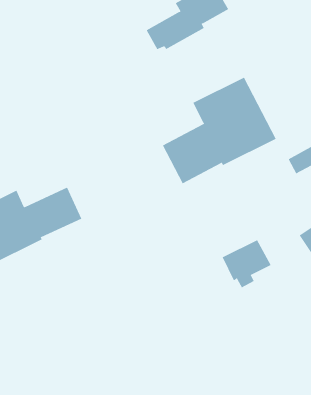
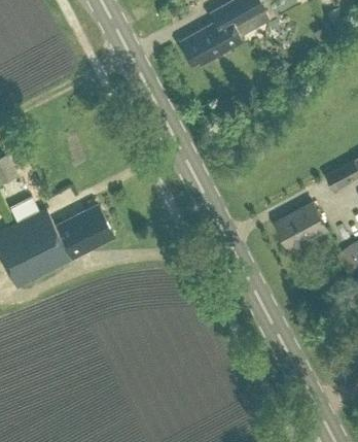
building: [162,77,276,184] -> none
building: [222,239,271,288] -> [276,202,327,252]

